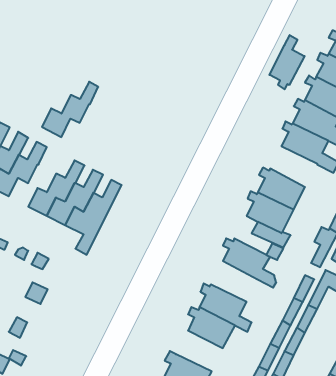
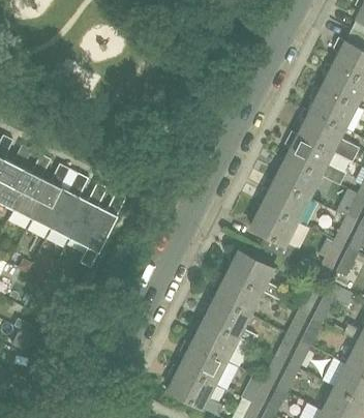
building: [269,35,305,89] -> none
building: [42,82,98,137] -> [10,162,67,218]
building: none -> [274,156,322,199]
building: none -> [214,273,262,315]
building: none -> [179,340,226,385]

